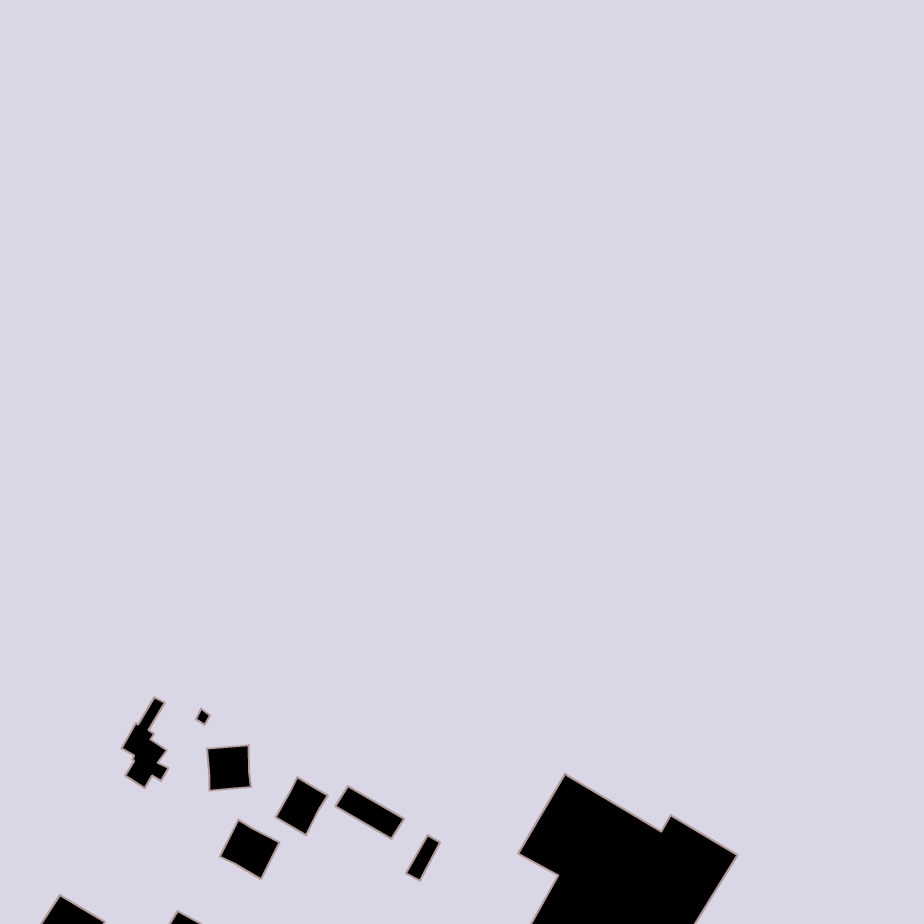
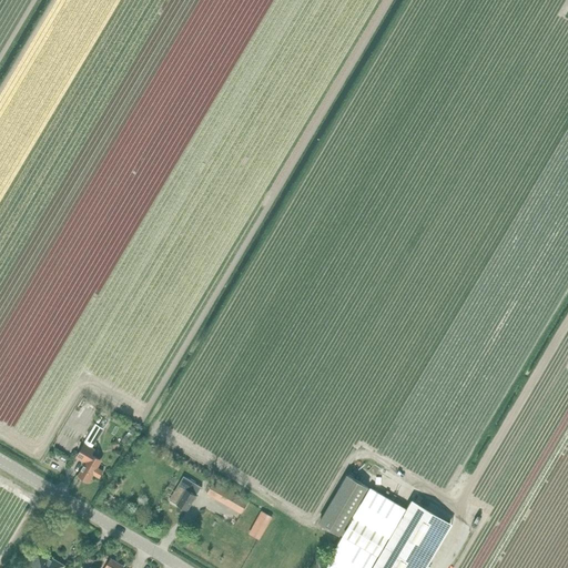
building: [207,745,251,791] -> none
building: [220,820,279,879] -> none

